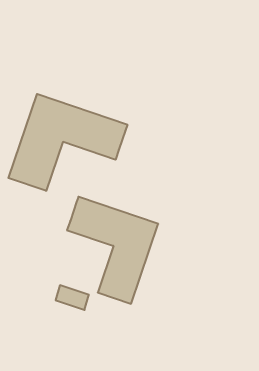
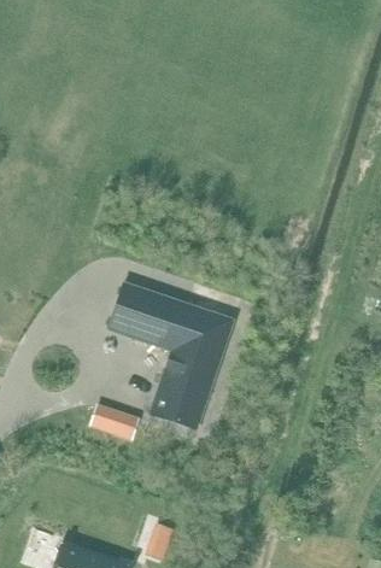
building: [8,94,127,191] -> none

